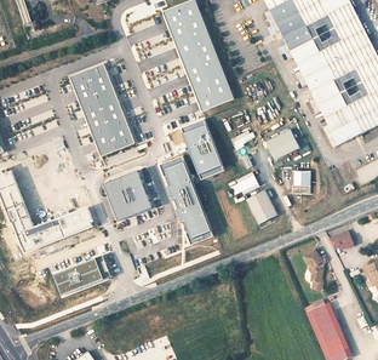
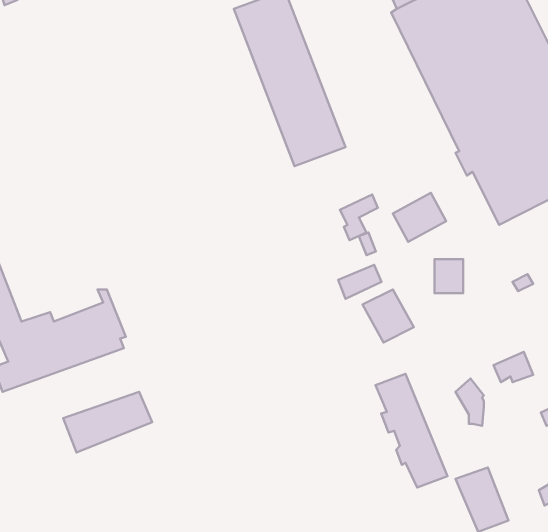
building: [69,62,136,155] -> none
building: [181,118,224,178] -> none
building: [164,162,210,235] -> [375,374,447,488]
building: [105,171,151,219] -> none

